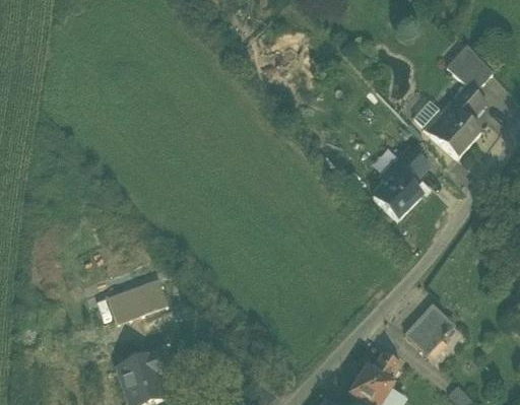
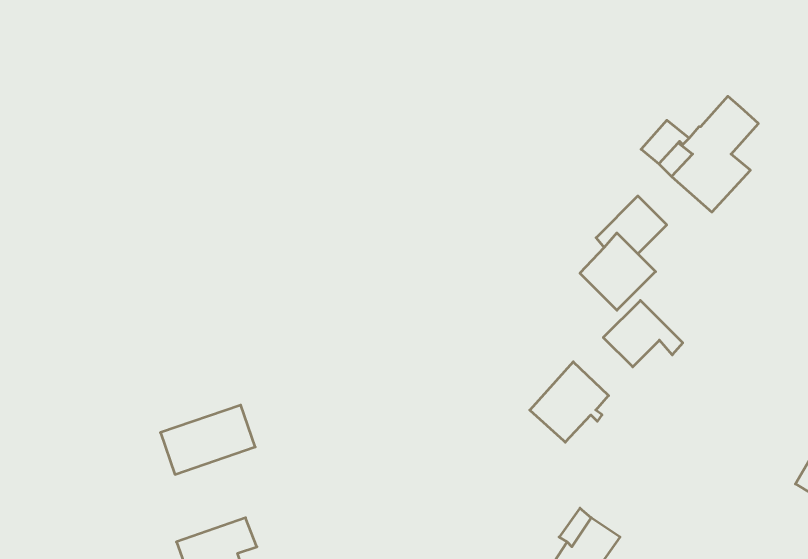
building: [447,44,493,91] -> none
building: none -> [603,300,683,367]
building: [405,302,455,353] -> [530,362,609,442]

